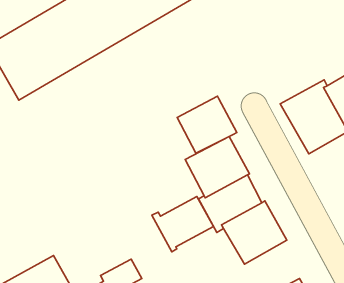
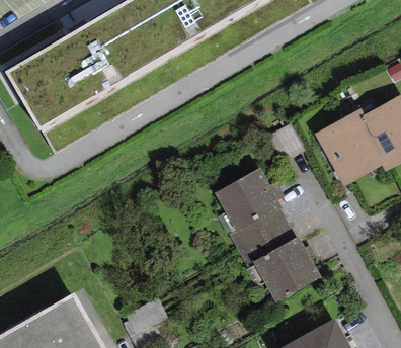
building: [177,96,237,153] -> none
building: [152,197,214,252] -> none

